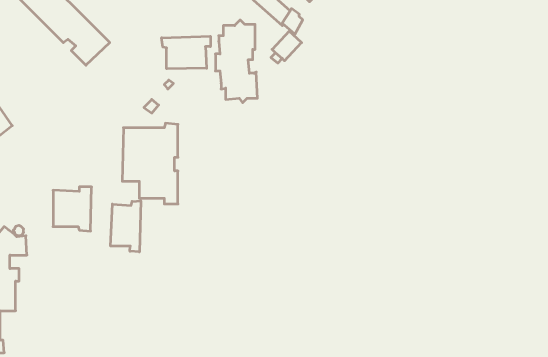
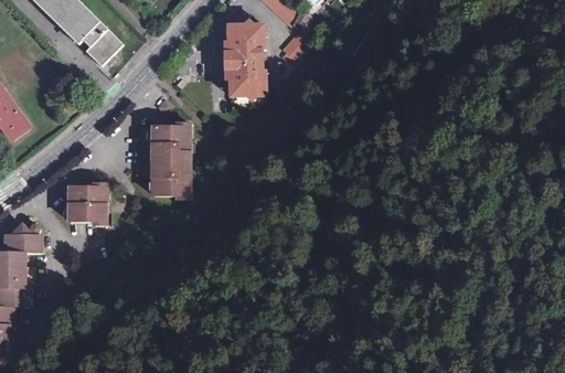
building: [162,36,210,69] -> none
building: [111,201,141,252] -> none

